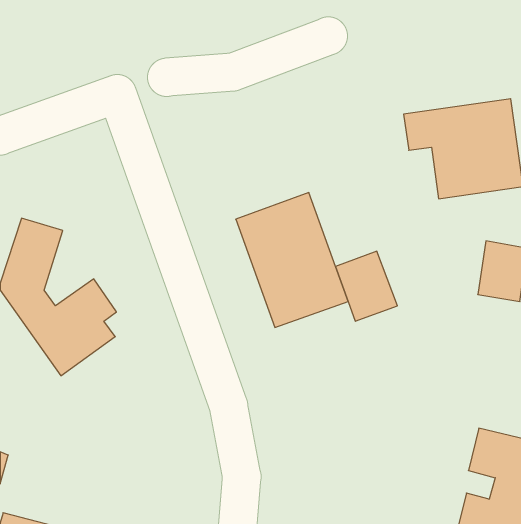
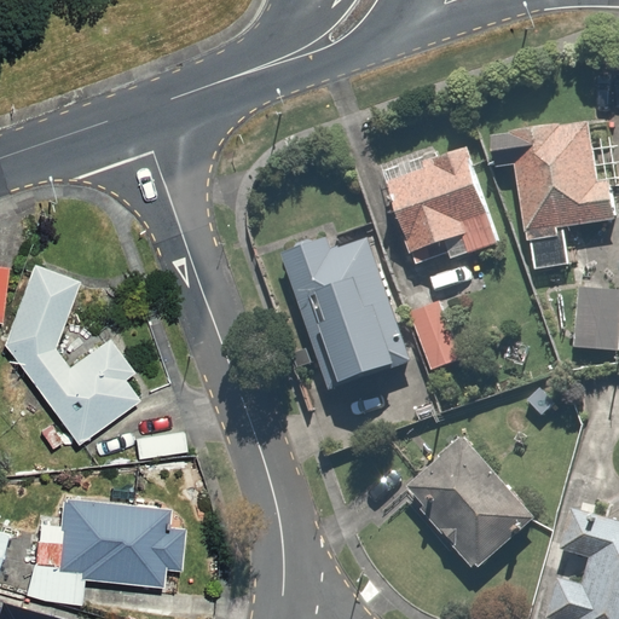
building: none -> [383,144,503,273]
building: none -> [398,436,533,573]
building: none -> [33,501,192,607]

